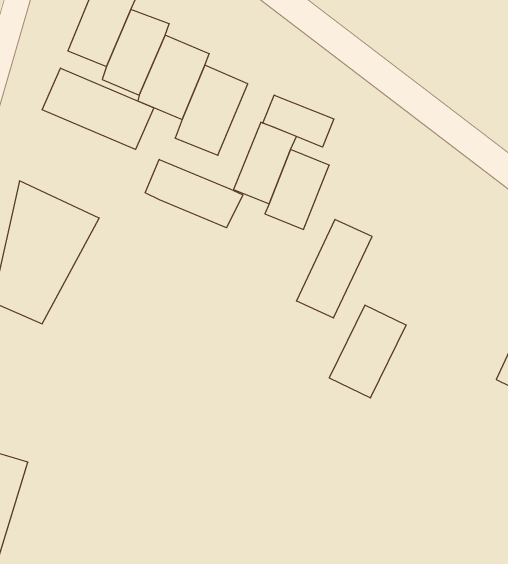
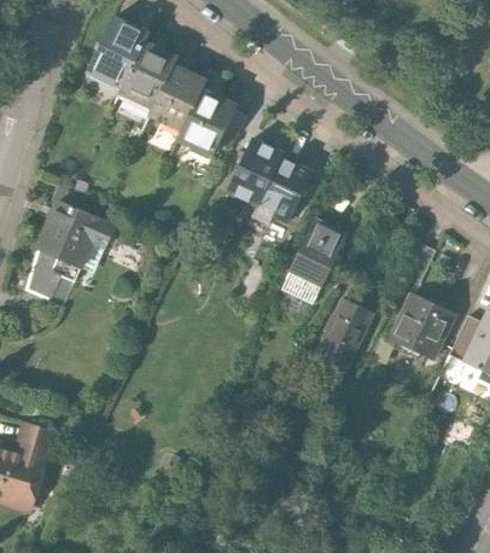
building: [42,68,154,149] -> none
building: [263,95,334,147] -> none
building: [145,159,243,228] -> none
building: none -> [391,295,456,360]

